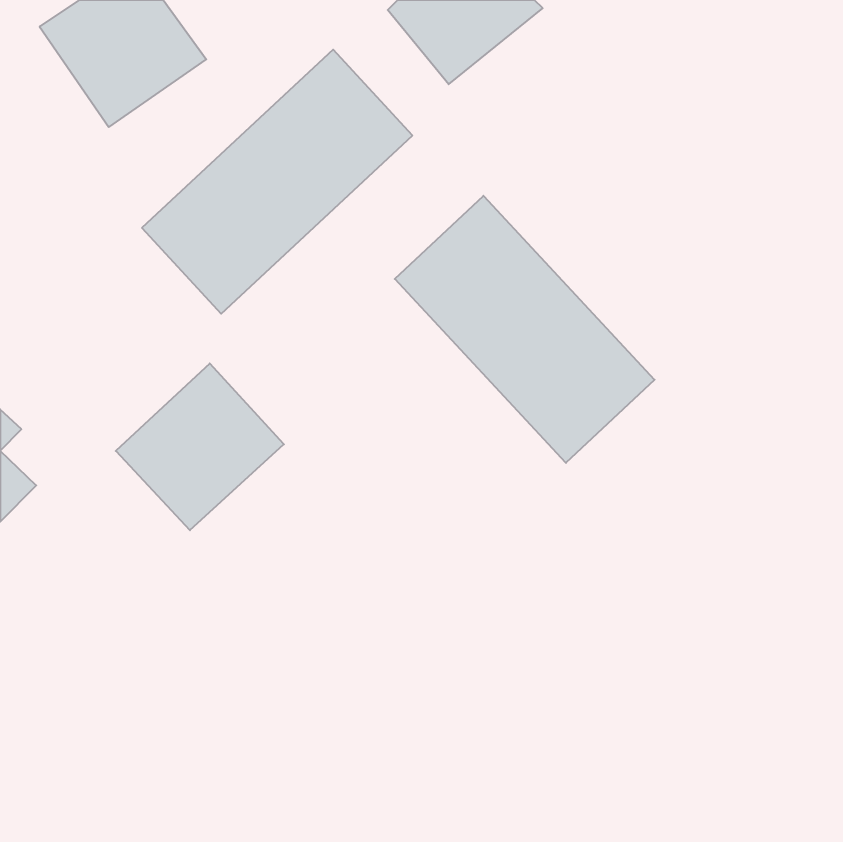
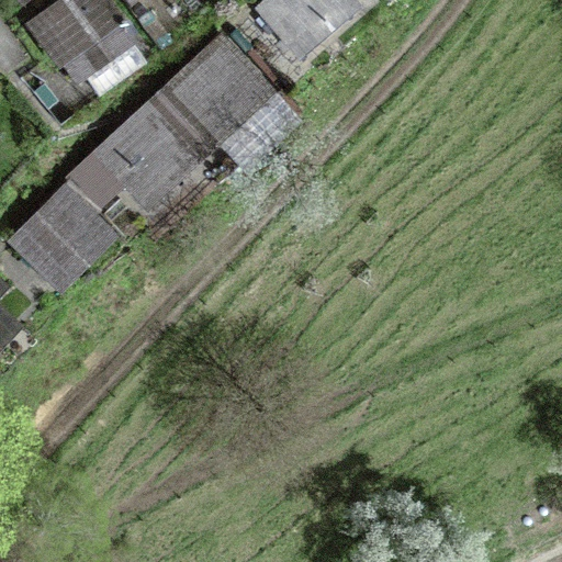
building: [395,196,655,463] -> none
building: [116,363,284,530] -> [7,181,119,292]

